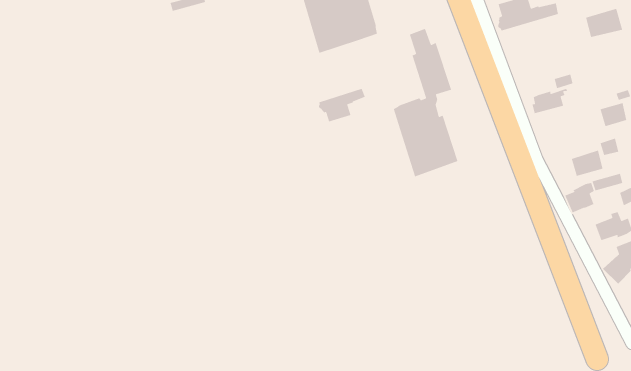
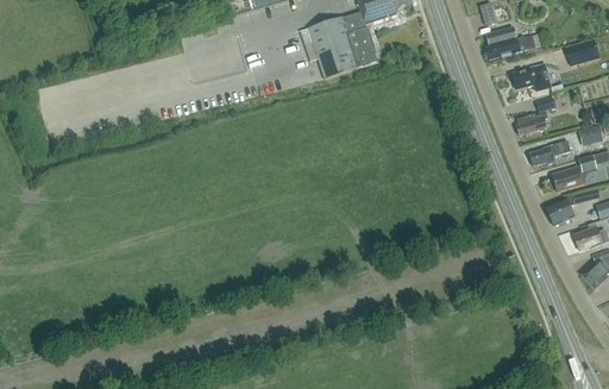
building: [393,28,458,177] -> none
building: none -> [511,62,551,90]
building: [318,88,366,123] -> none
building: none -> [529,138,571,165]

